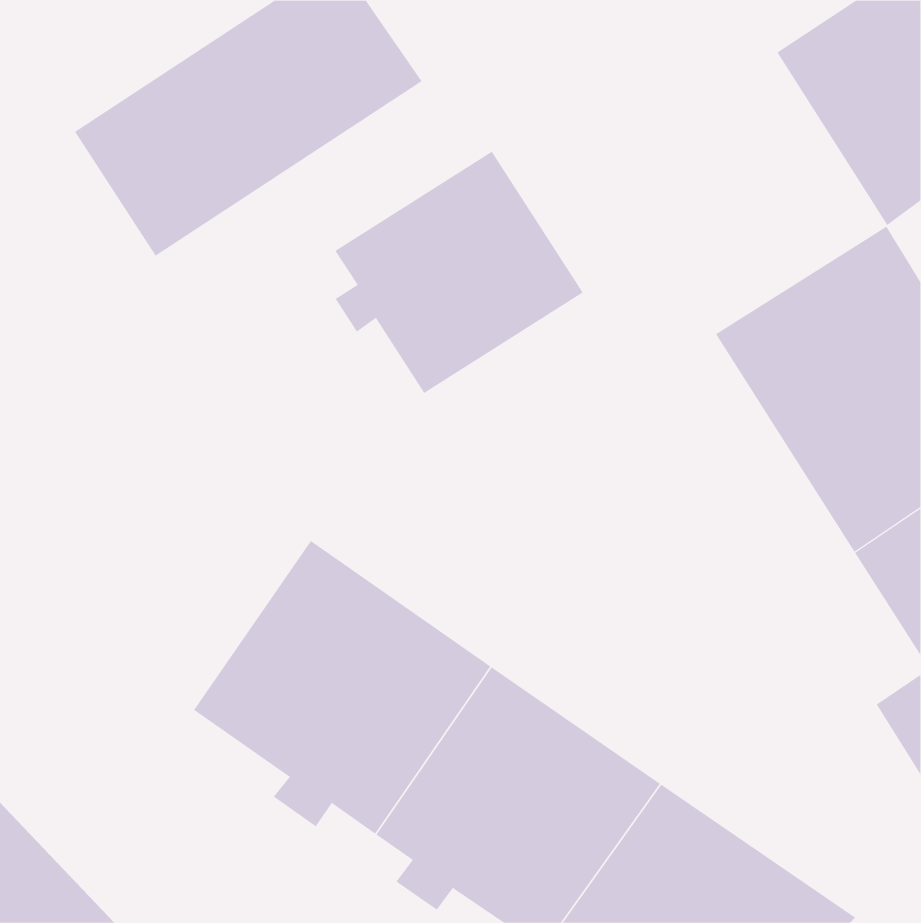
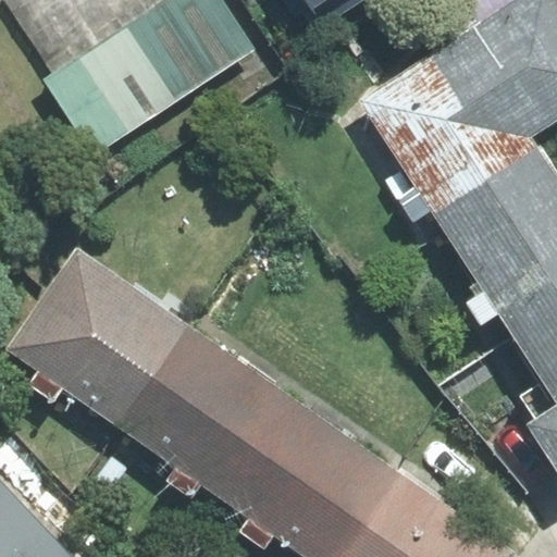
building: none -> [363,32,534,201]
building: [334,151,583,394] -> none
building: none -> [5,249,187,428]

